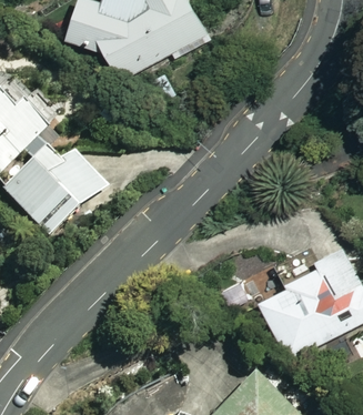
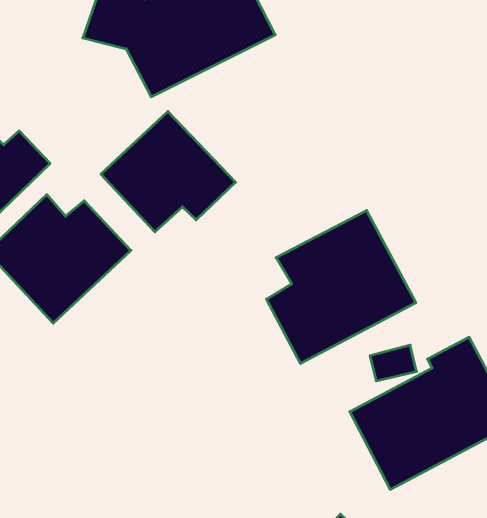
building: none -> [101,111,236,232]
building: none -> [266,210,416,364]

